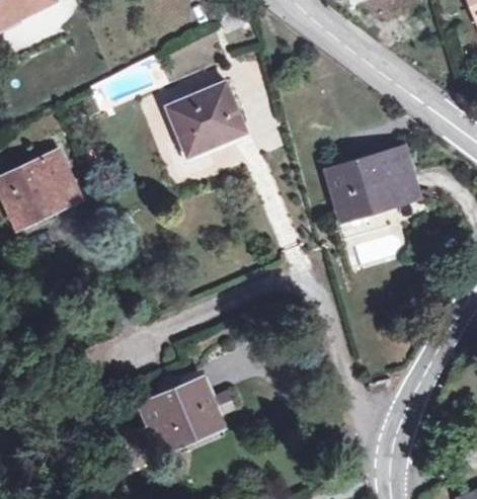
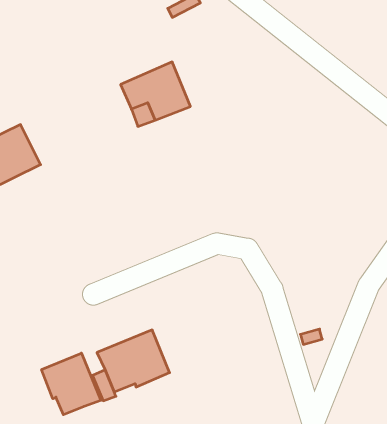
building: [328,149,416,218] -> none
building: none -> [42,353,101,415]

